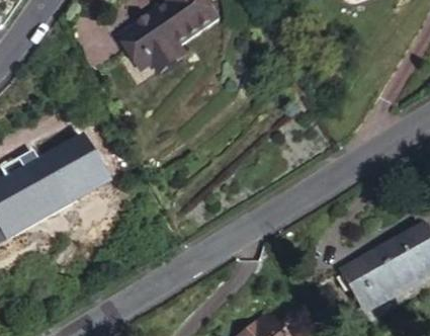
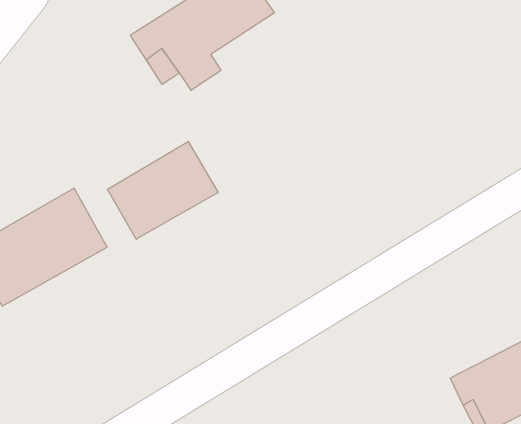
building: none -> [107,142,218,239]

